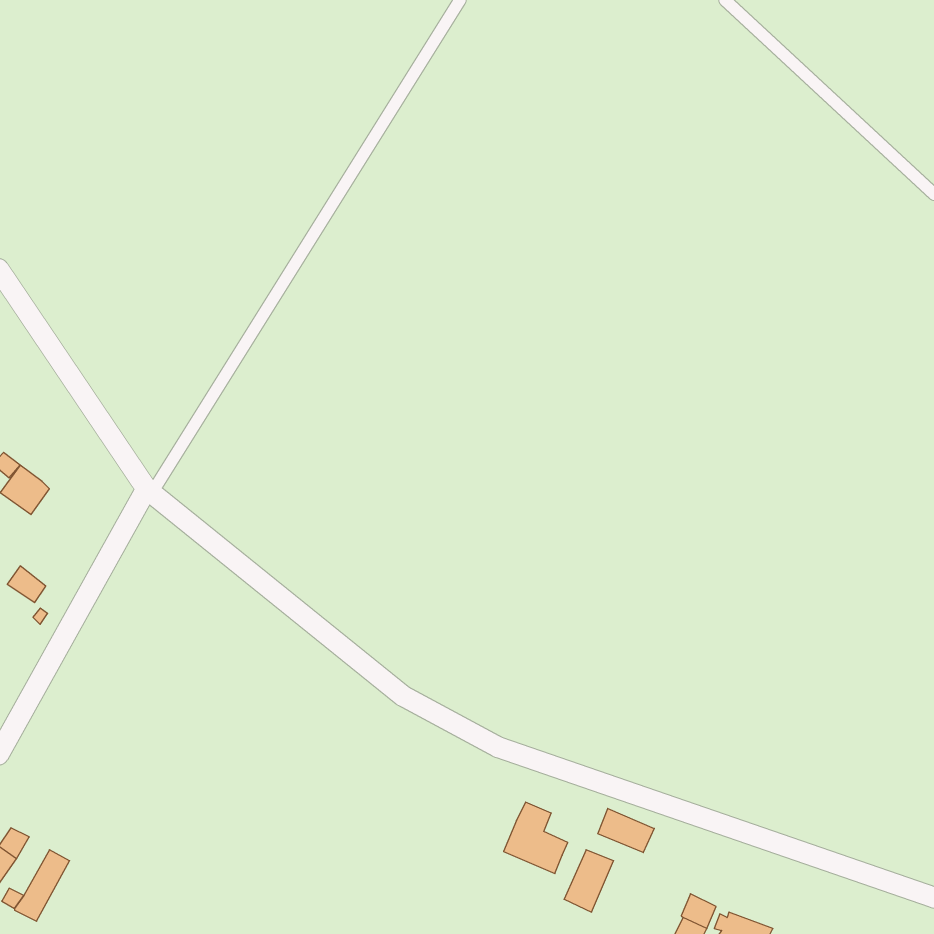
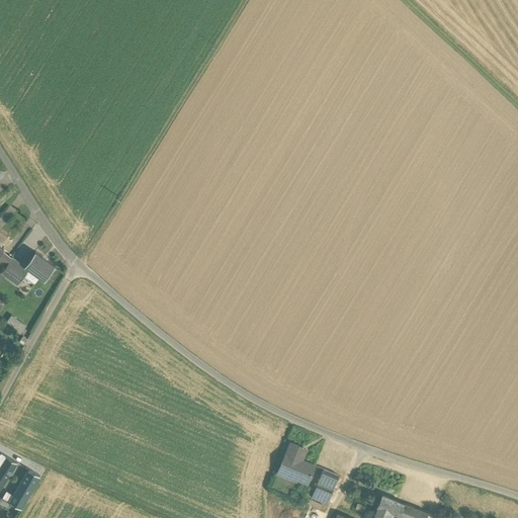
building: none -> [23,253,54,282]
building: [598,808,654,853] -> none

